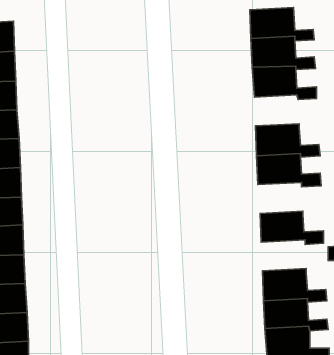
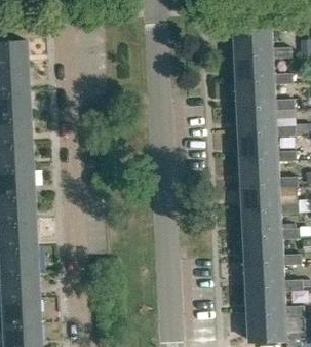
building: none -> [239,106,296,136]
building: none -> [242,184,300,213]
building: none -> [245,235,302,265]

